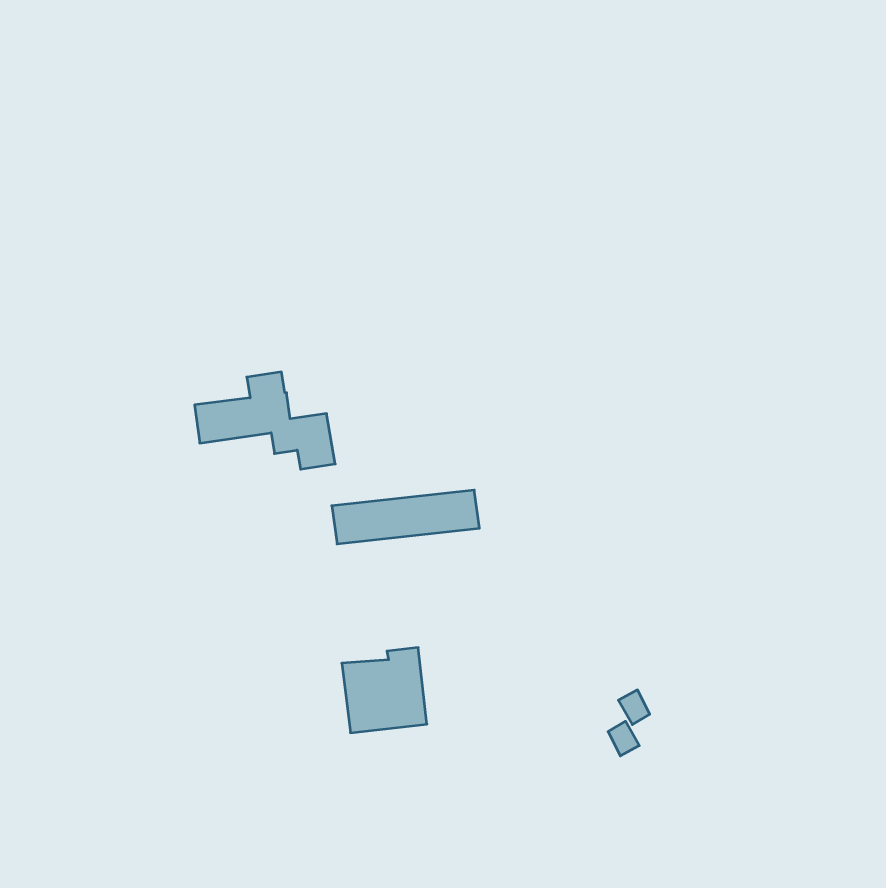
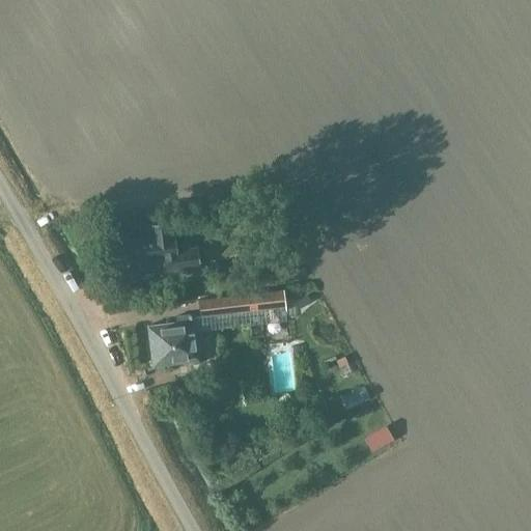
building: [342,648,427,733] -> [149,316,200,367]

